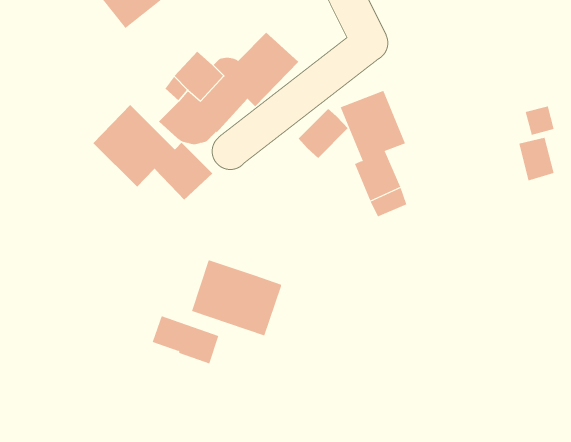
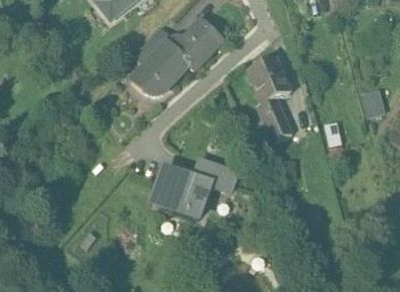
building: [93,104,213,201] -> none
building: [298,108,349,159] -> none
building: [152,315,219,364] -> [193,161,237,192]

